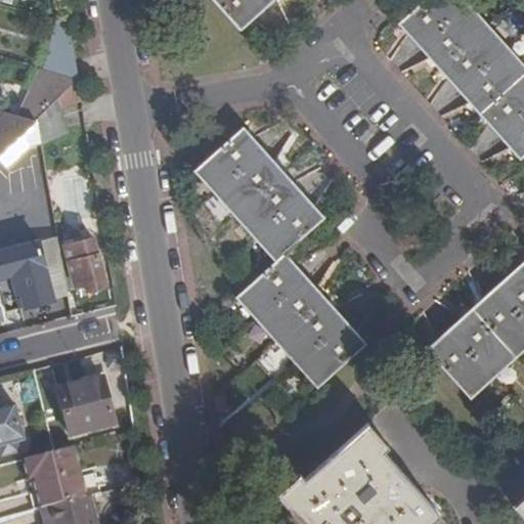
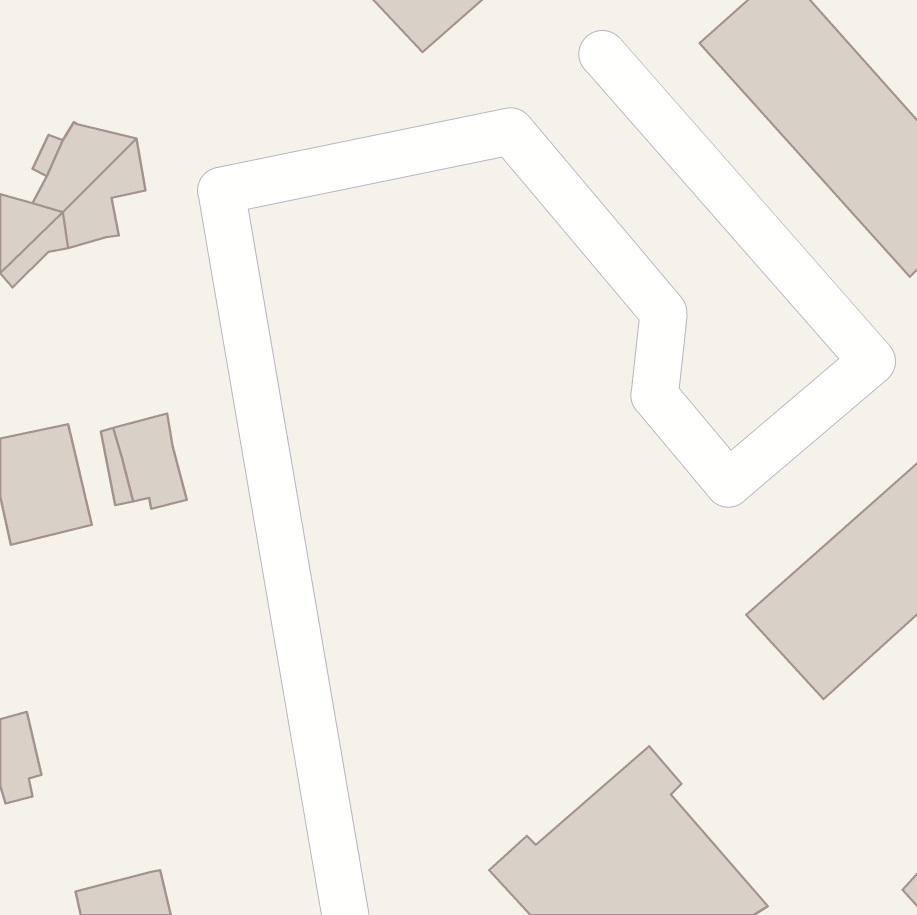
building: [45,19,79,79] -> none
building: [196,129,364,386] -> none
building: [61,379,115,435] -> none
building: [26,446,87,508] -> none

